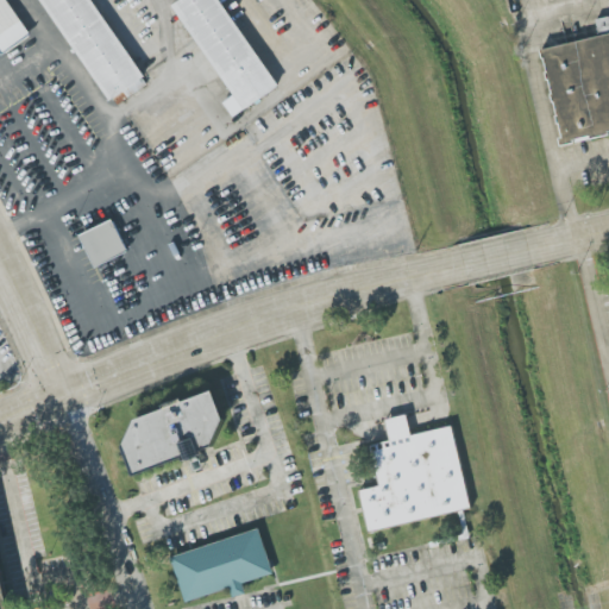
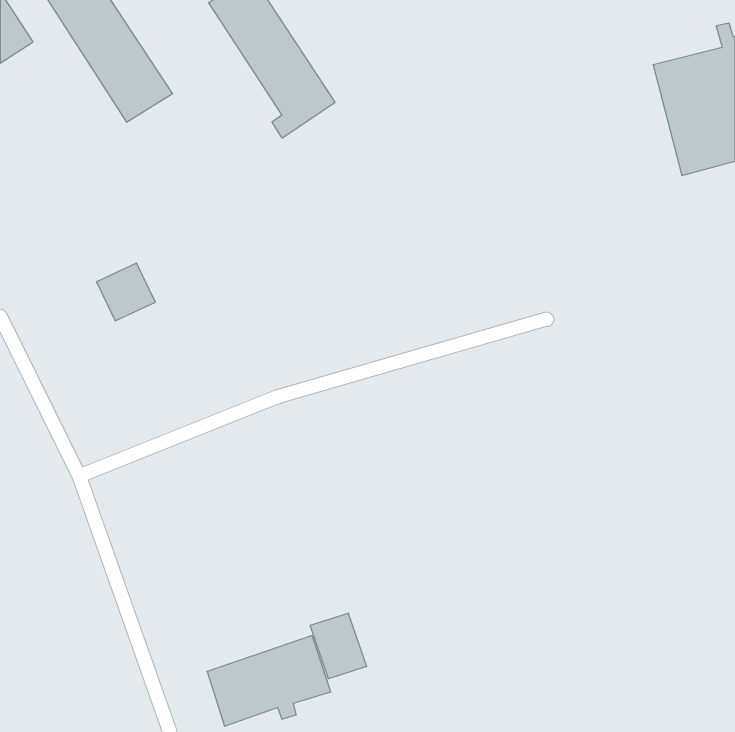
building: [123,389,225,473] -> none
building: [360,413,471,530] -> none
building: none -> [310,613,367,679]

